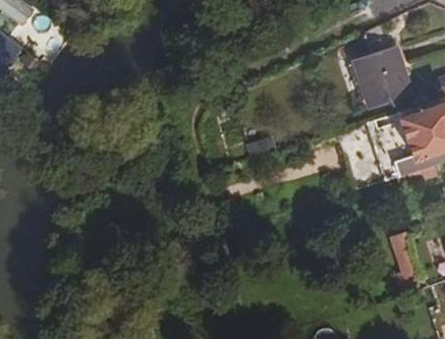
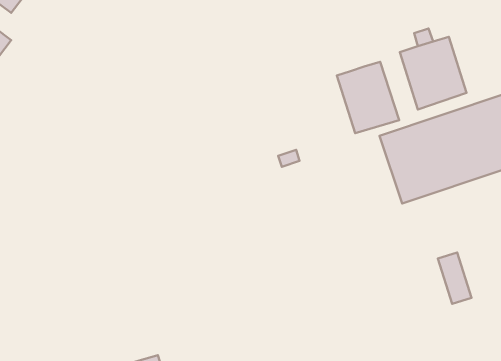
building: none -> [337,62,399,133]

